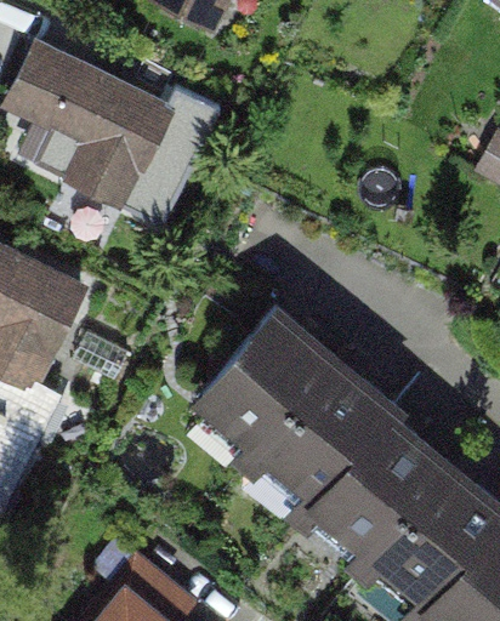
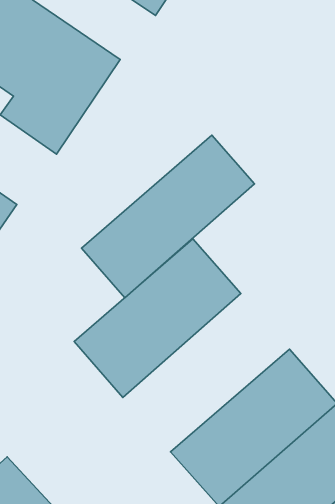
building: none -> [81,135,254,298]
building: [242,347,417,534] -> none

